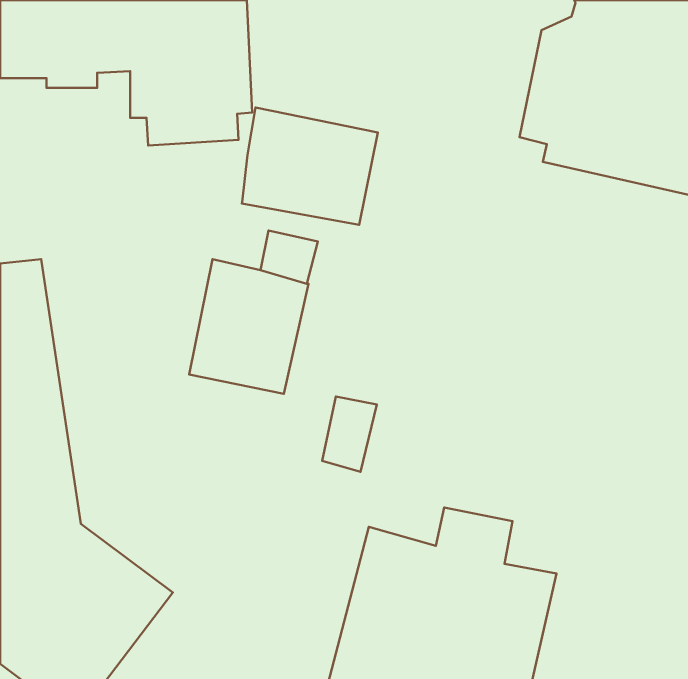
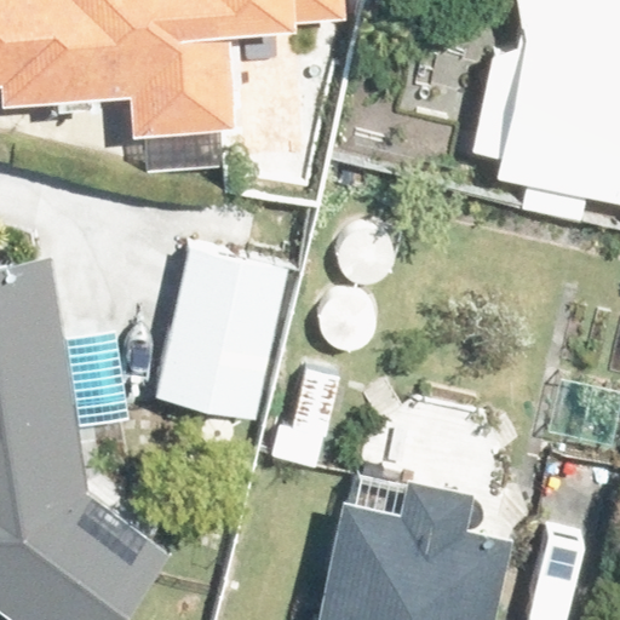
building: [242,108,378,225] -> none

